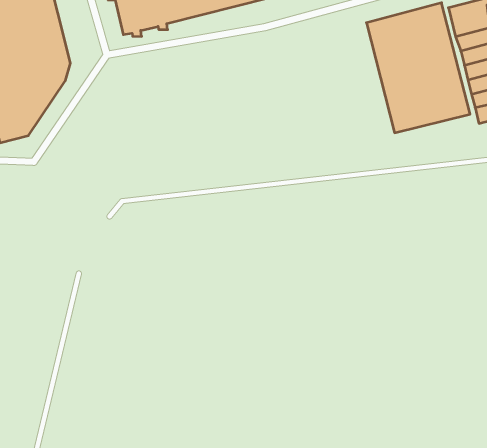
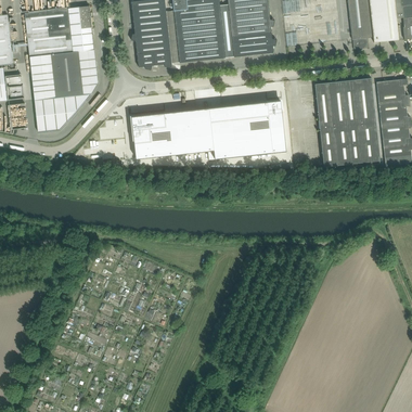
building: none -> [132,101,286,159]

